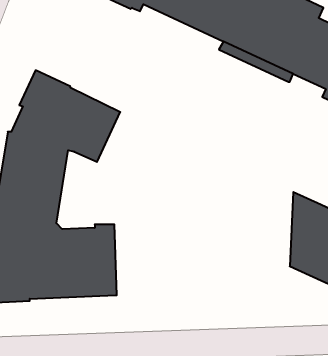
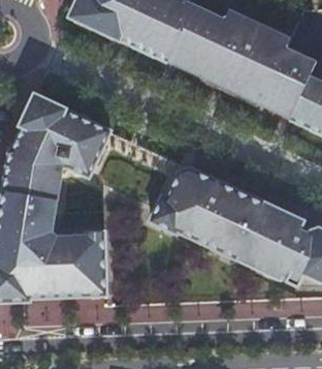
building: none -> [150,174,263,269]

